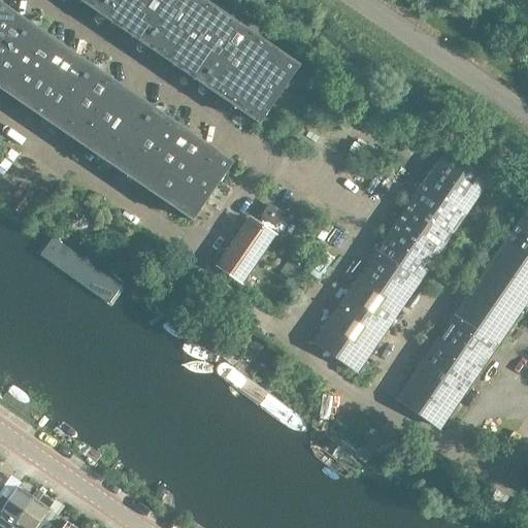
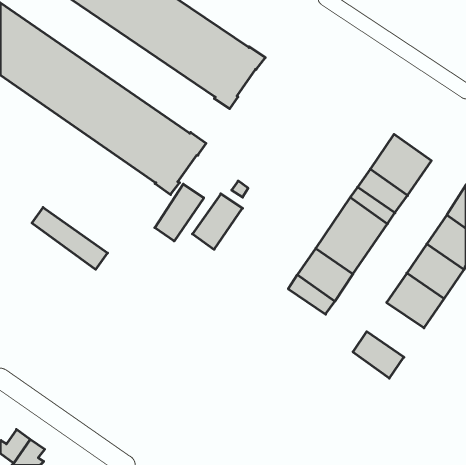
building: none -> [155,184,204,241]
building: [316,326,368,370] -> none
building: [415,341,480,403] -> none

